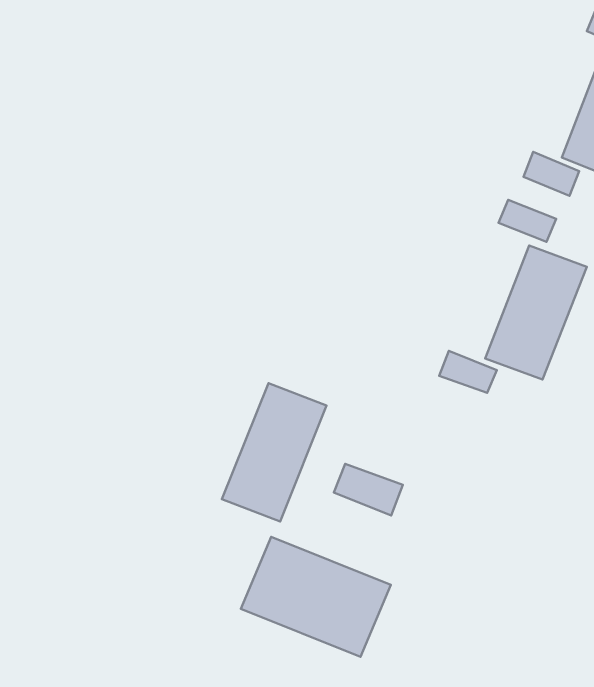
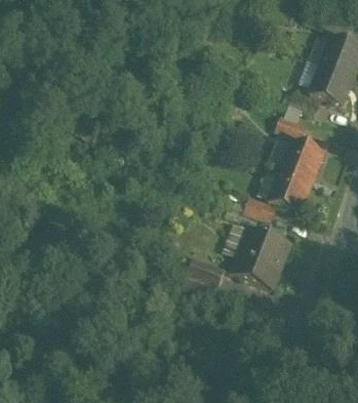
building: [222,383,327,522] -> none
building: none -> [233,227,290,287]
building: [241,537,391,657] -> none

